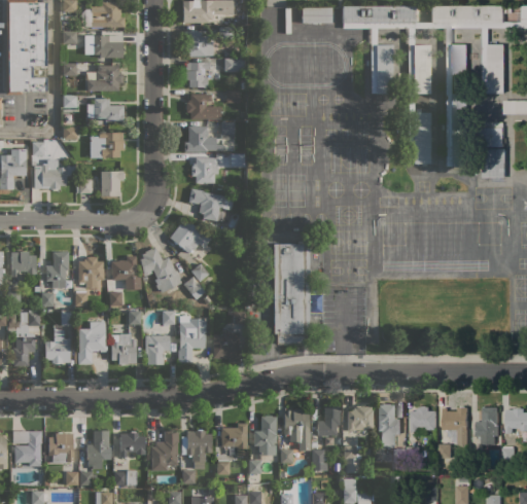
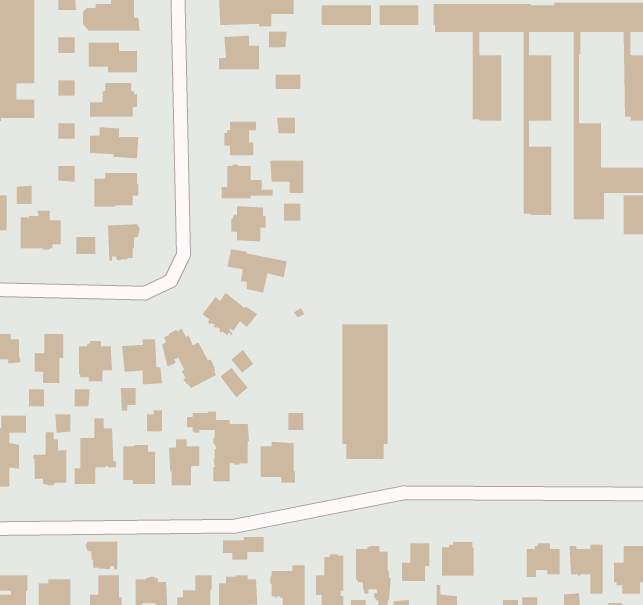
building: [451,44,467,75] -> none
building: [184,62,210,86] -> none
building: none -> [222,536,264,560]
building: [378,403,400,446] -> none
building: none -> [85,541,118,570]

